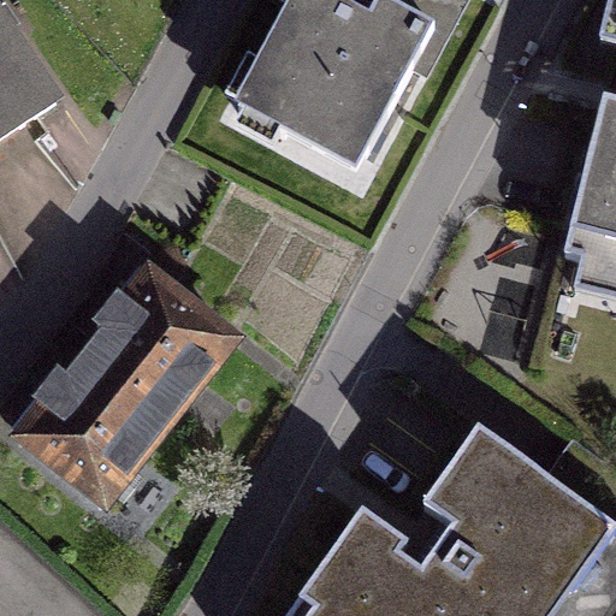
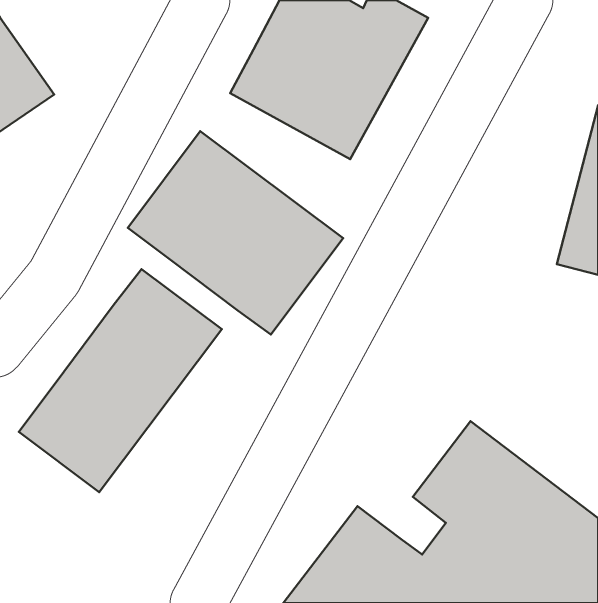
building: none -> [128,131,343,334]

